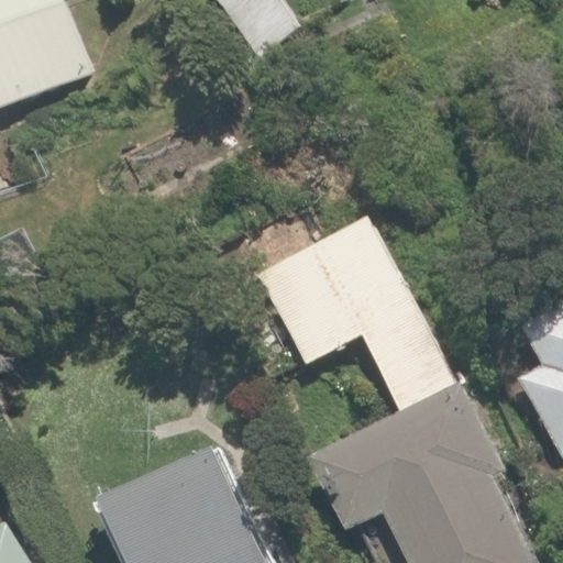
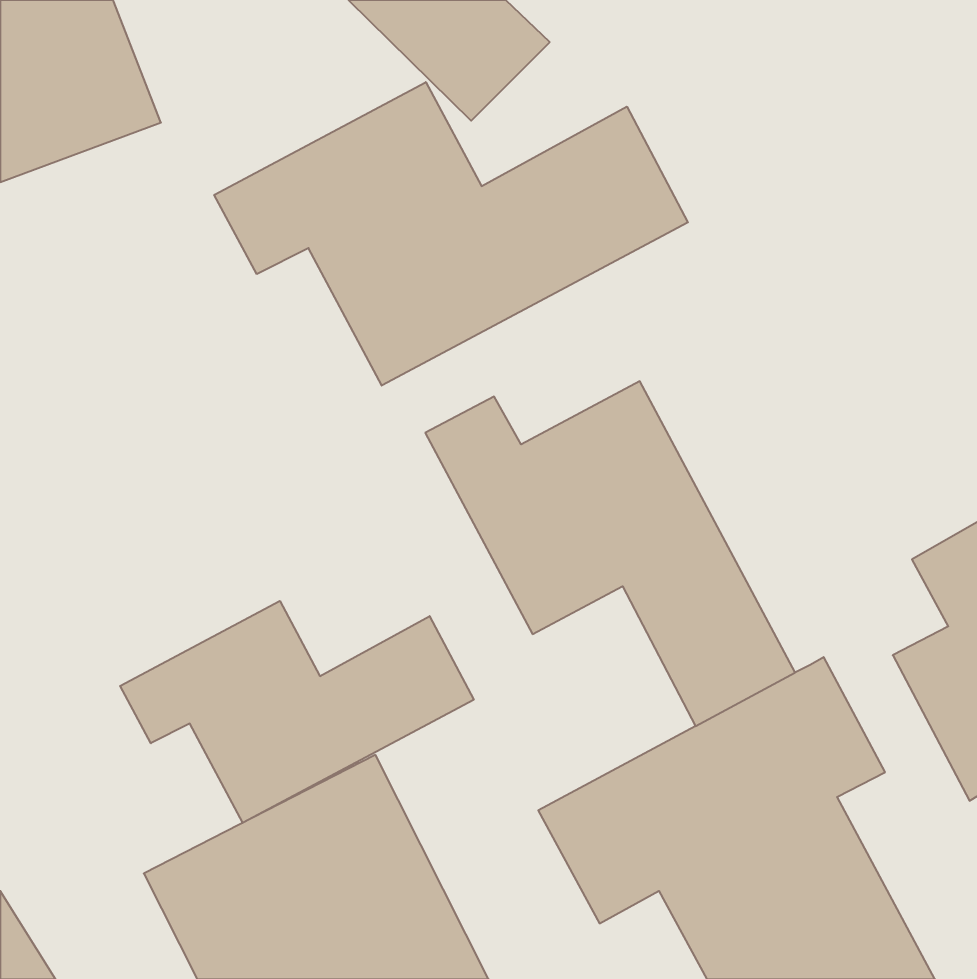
building: none -> [214,82,688,386]
building: none -> [120,601,474,823]

